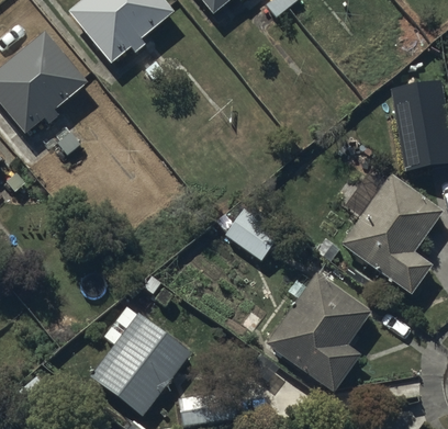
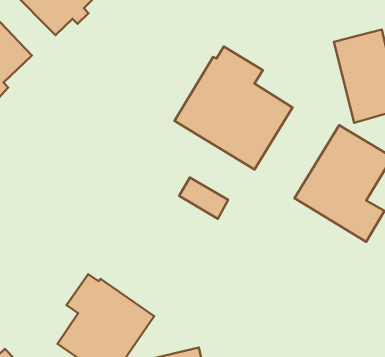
building: none -> [174,47,292,170]
building: [265,272,371,392] -> none

